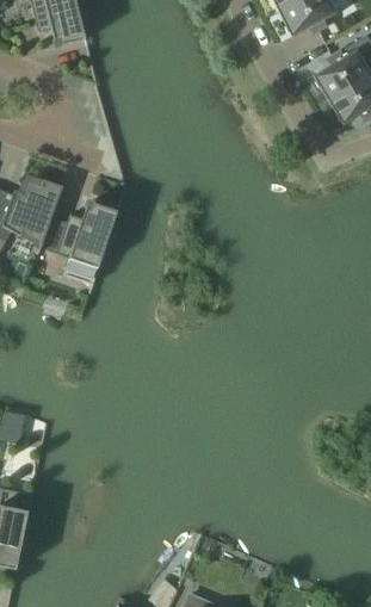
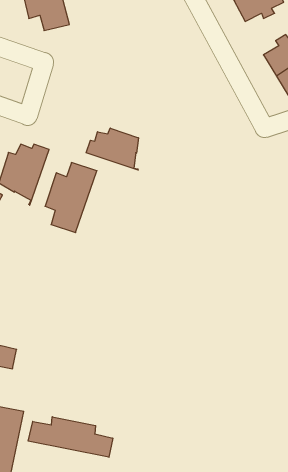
building: none -> [86,128,138,170]
building: none -> [28,417,113,457]

